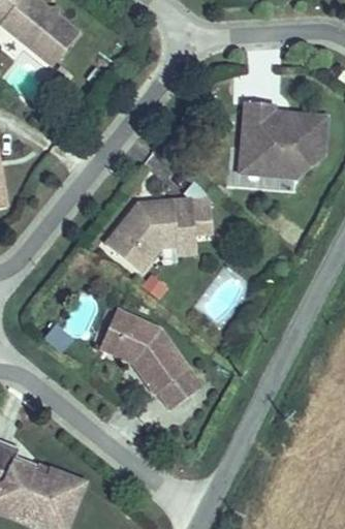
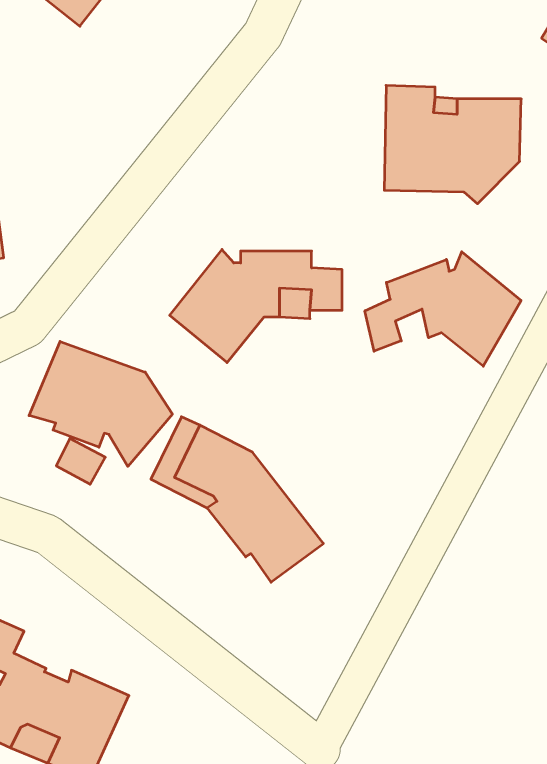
building: none -> [365,252,521,366]
building: none -> [29,341,172,466]

